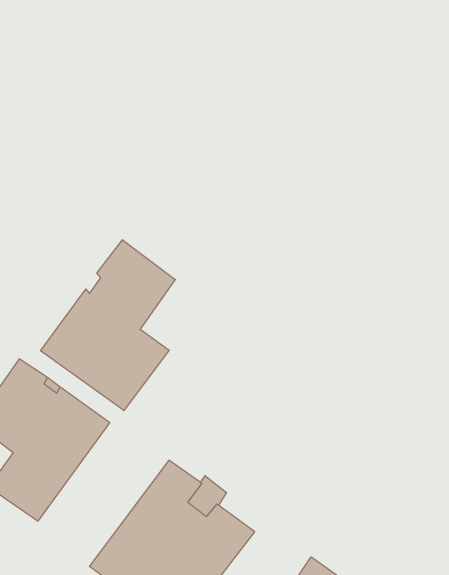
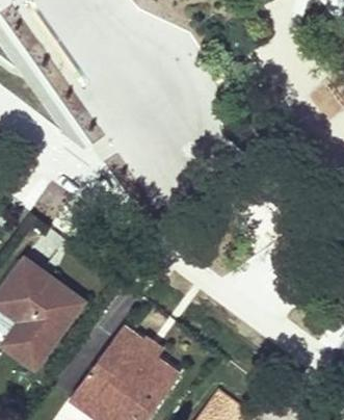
building: [41,240,175,411] -> none

